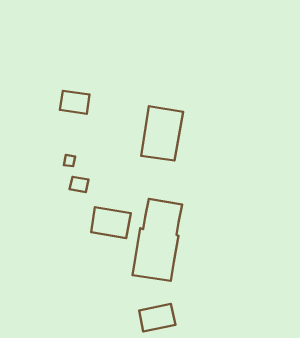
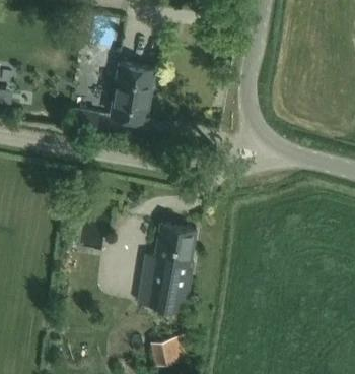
building: [141,106,183,161] -> [110,63,154,121]
building: [91,207,131,238] -> none

